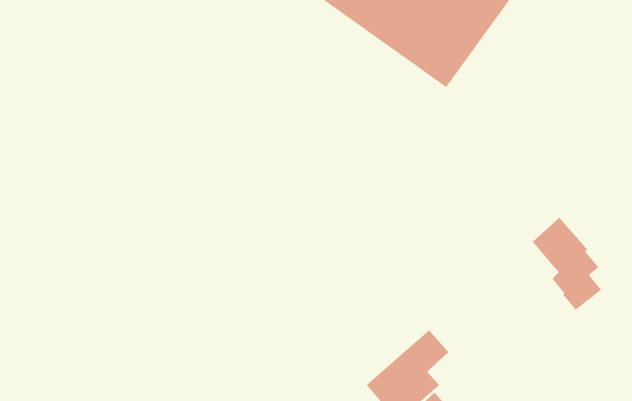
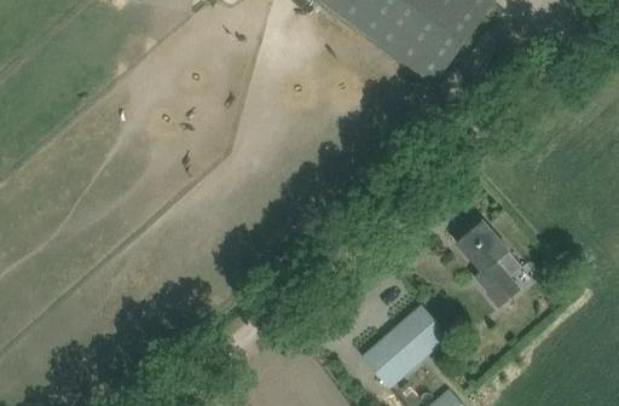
building: [532,217,602,311] -> [457,221,521,307]

